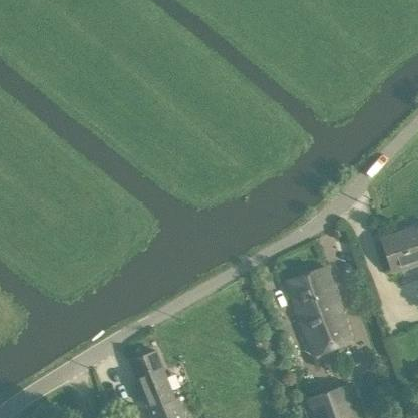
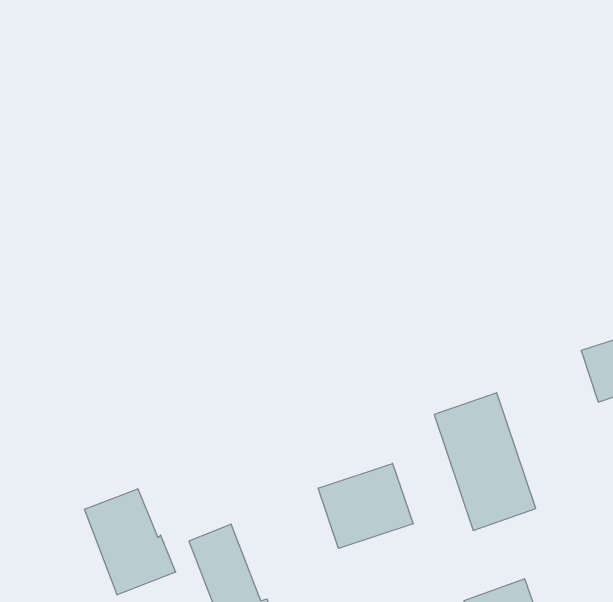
building: none -> [318,463,413,548]
building: none -> [85,489,176,595]

